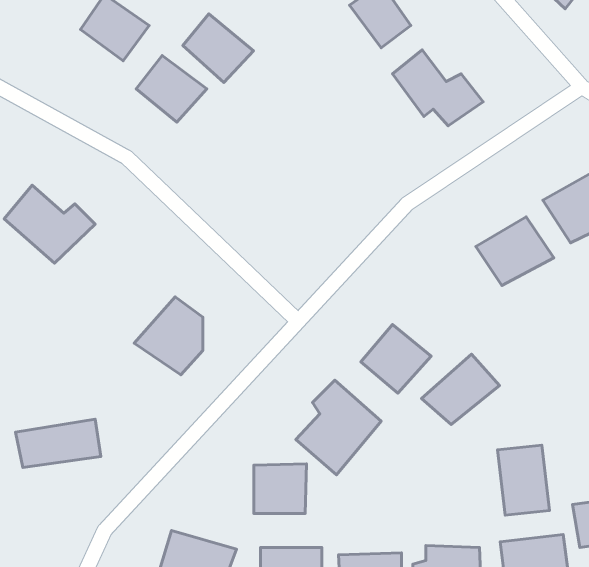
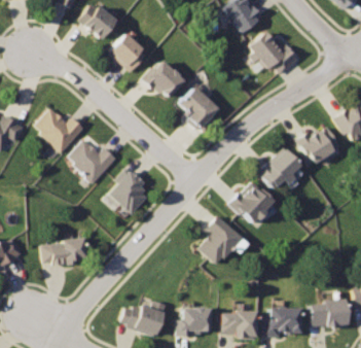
building: [183,14,254,83] -> [146,60,185,98]
building: none -> [179,88,219,126]
building: none -> [69,140,116,181]
building: [421,354,499,425] -> [256,149,299,188]
building: [498,445,549,515] -> none
building: [254,464,306,513] -> none

